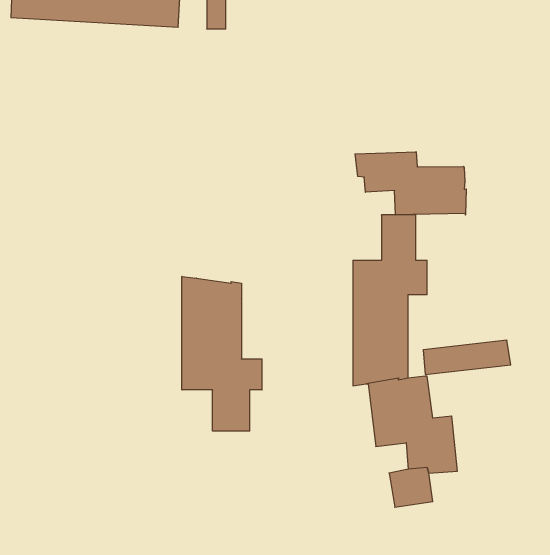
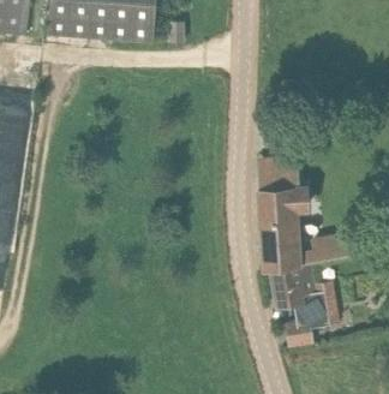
building: [355,152,466,215] -> none
building: [182,276,262,431] -> none

